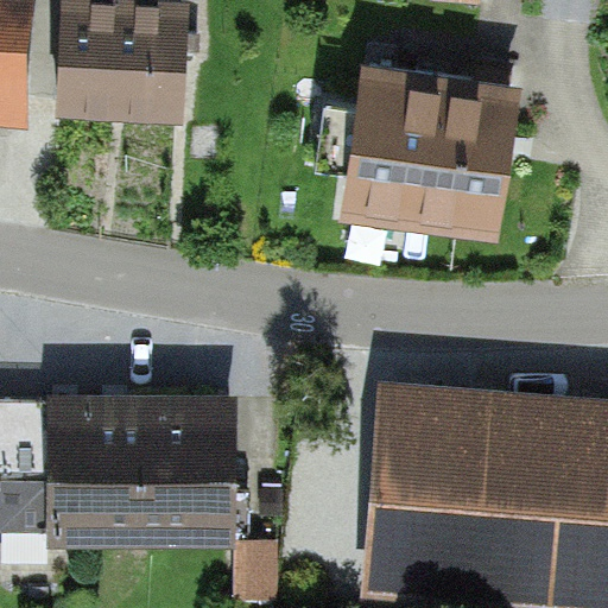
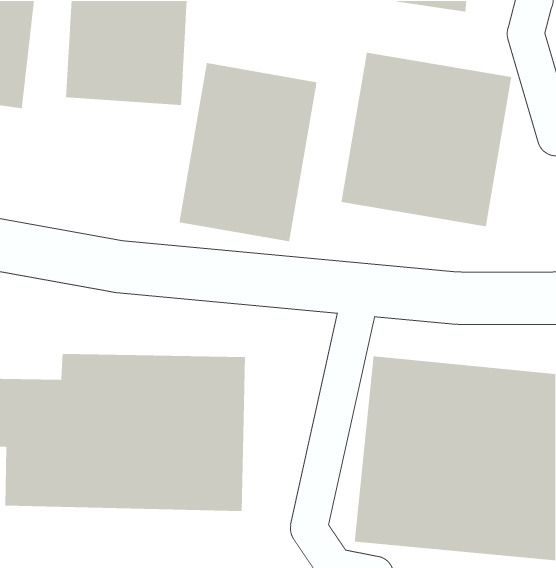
building: none -> [179,62,317,242]

